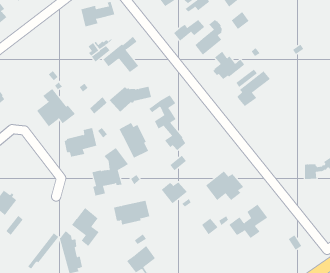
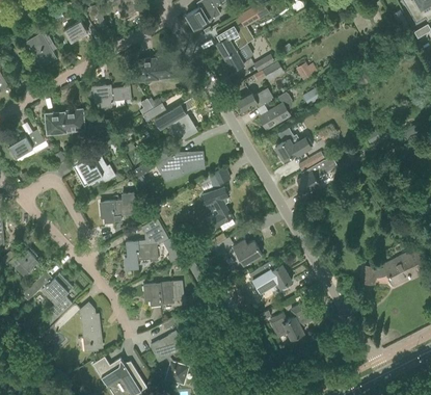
building: none -> [93,85,131,107]
building: none -> [45,109,84,134]
building: [119,122,149,158] -> none
building: [161,182,187,204] -> [233,240,262,265]
building: [71,207,100,247] -> [42,273,73,318]

